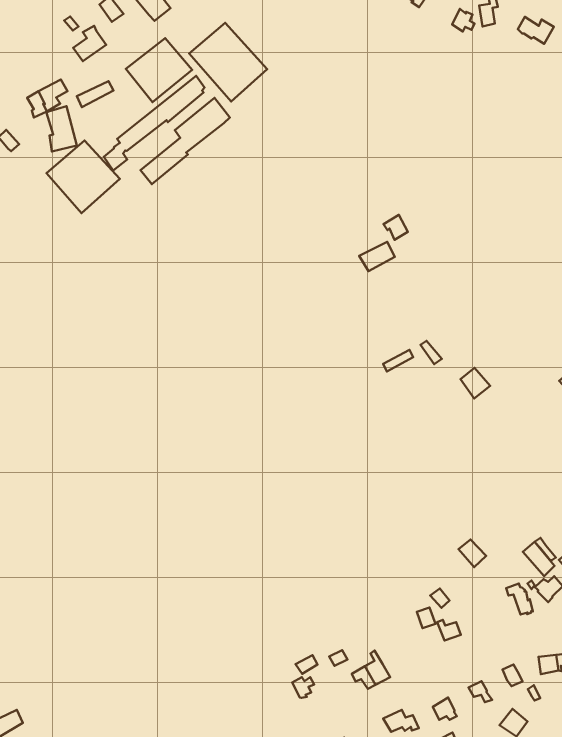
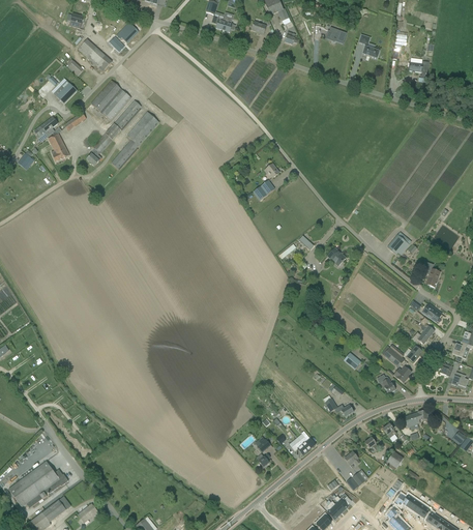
building: [189,23,267,102] -> none
building: [47,141,120,213] -> none

